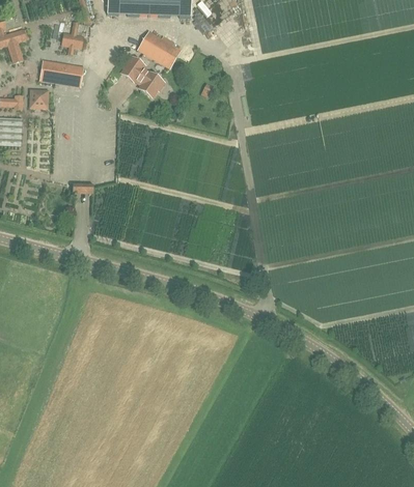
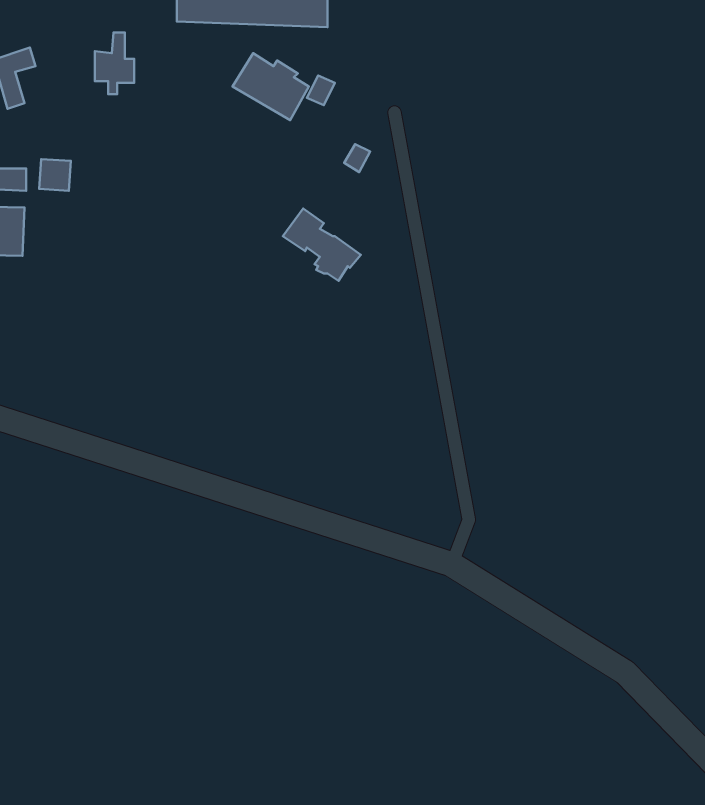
building: [120,56,164,96] -> [283,208,361,281]
building: [40,59,83,86] -> none

